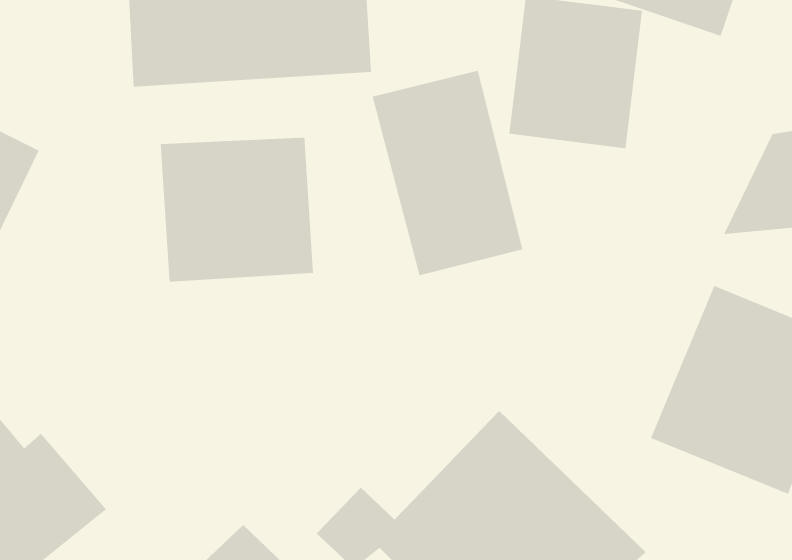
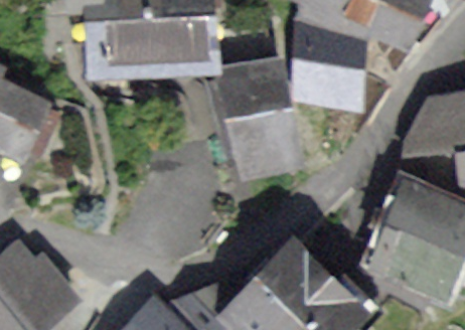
building: [160,137,313,283] -> none

